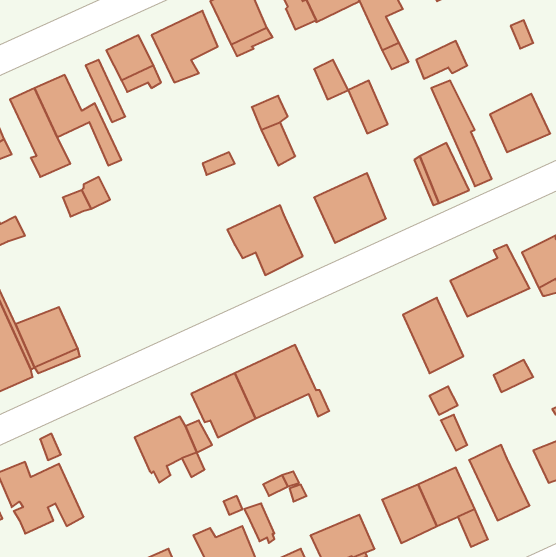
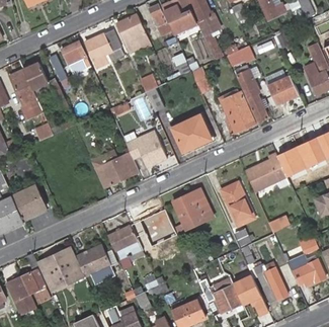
building: none -> [89,149,139,188]
building: none -> [173,187,211,222]
building: none -> [37,247,86,295]

